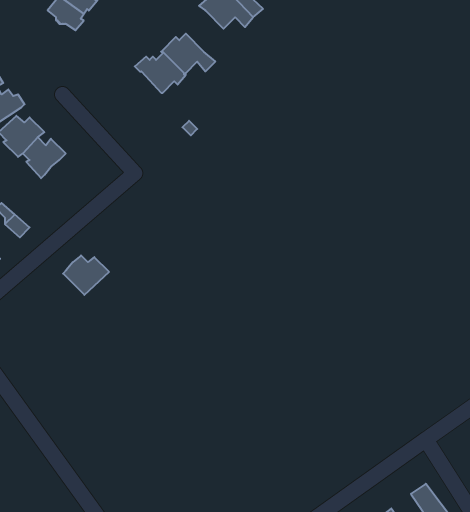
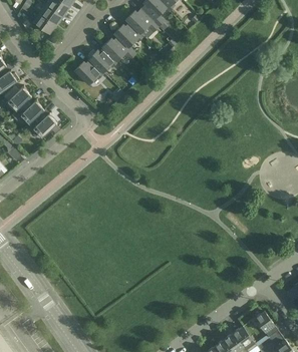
building: none -> [113,22,142,47]
building: none -> [73,59,102,84]
building: [63,255,109,295] -> [28,113,56,137]

